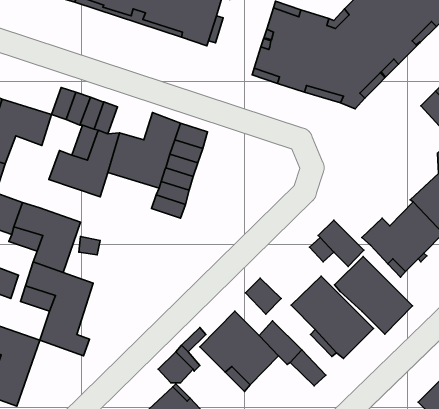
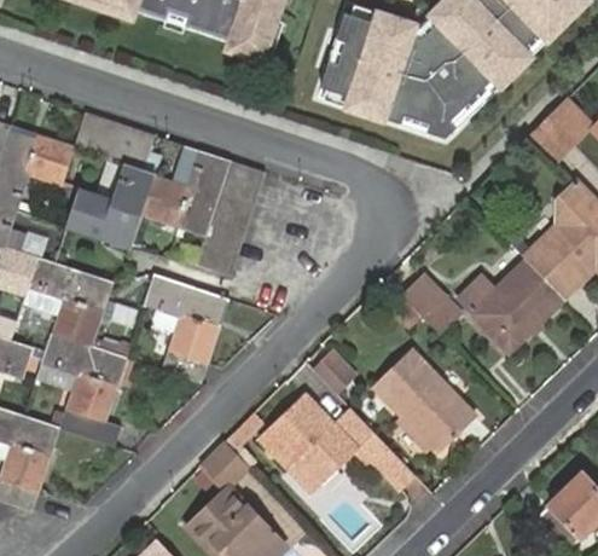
building: none -> [144,271,228,382]
building: [335,256,412,334] -> none

